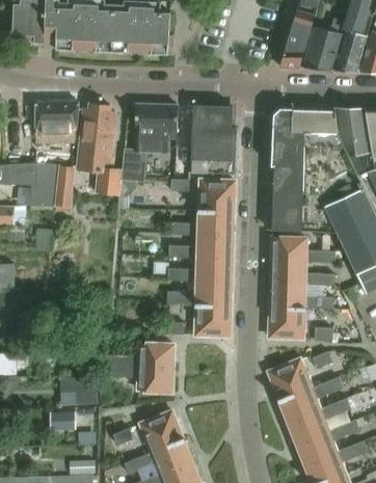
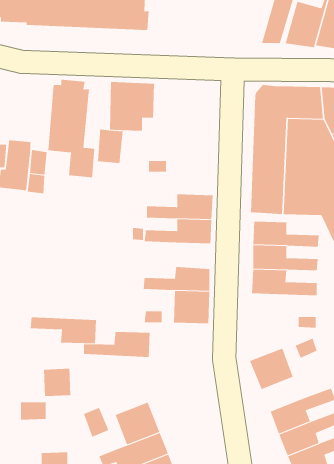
building: [35,104,78,144] -> none
building: [190,106,237,175] -> none
building: [198,181,235,213] -> none
building: [167,259,232,284] -> none
building: [269,307,304,339] -> none
building: [108,366,172,392] -> [30,317,97,344]
building: [279,377,343,421] -> none

